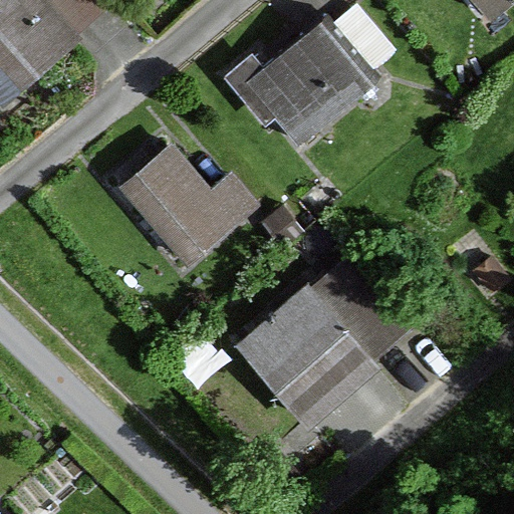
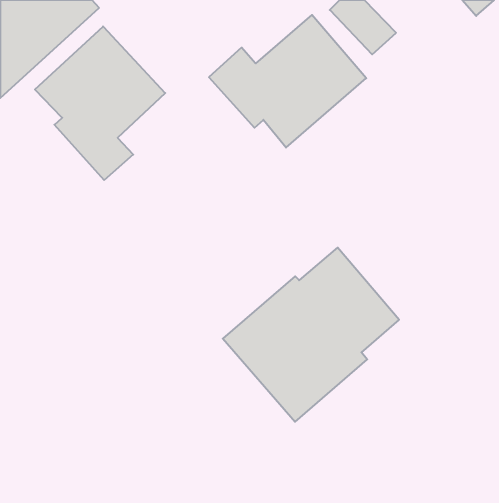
building: none -> [35,26,165,180]
building: [117,145,257,265] -> none

